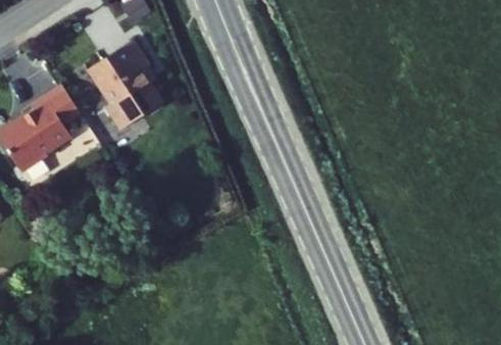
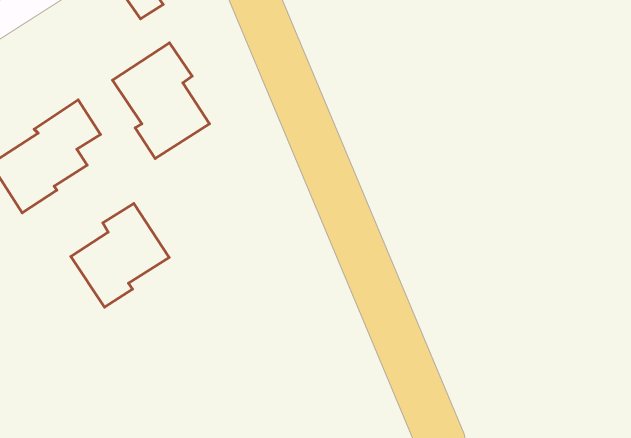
building: none -> [71,204,169,307]

